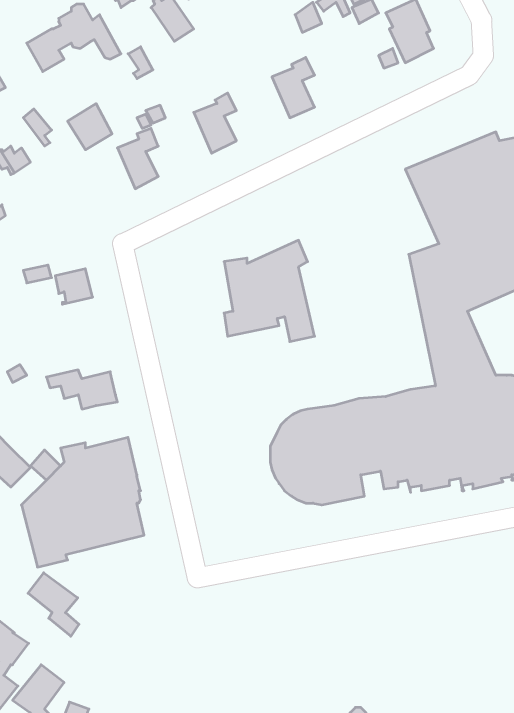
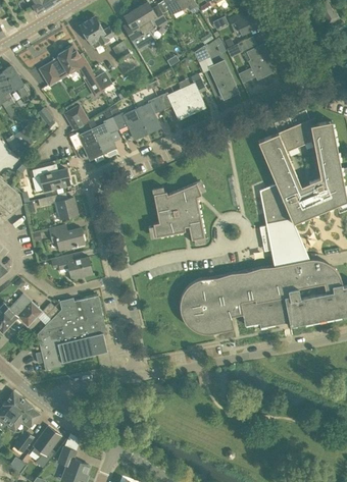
building: none -> [209,61,237,98]
building: none -> [159,89,191,118]
building: none -> [114,109,146,139]
building: none -> [70,129,102,159]
building: none -> [32,167,70,192]
building: none -> [49,227,85,251]
building: [28,573,79,636] -> none

